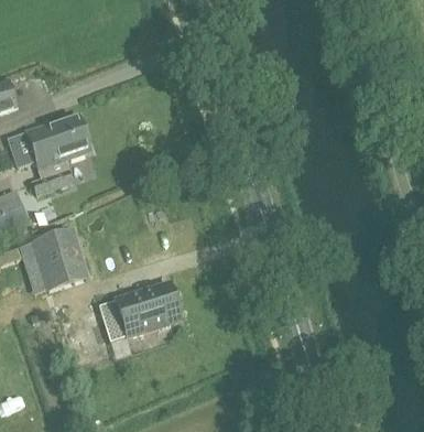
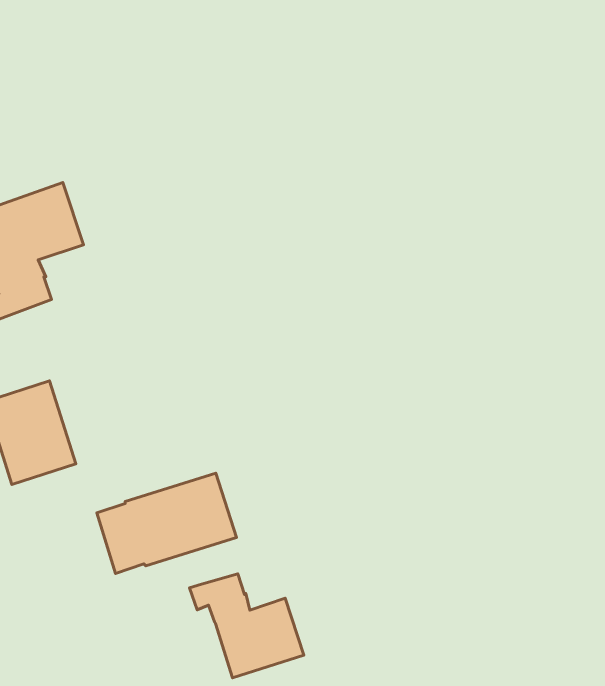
building: none -> [189,574,304,678]

